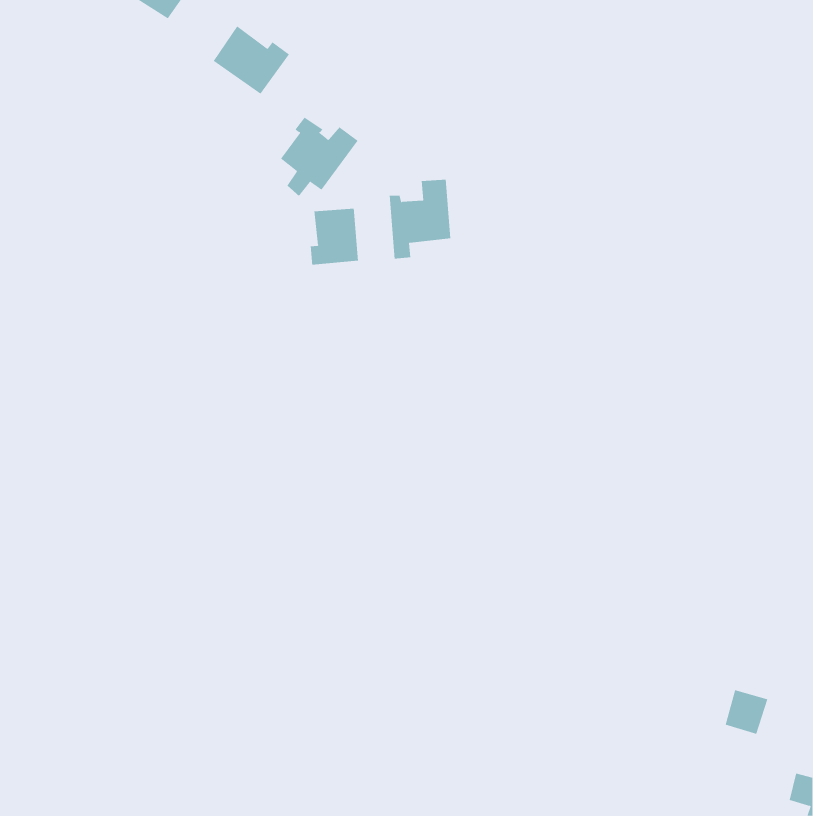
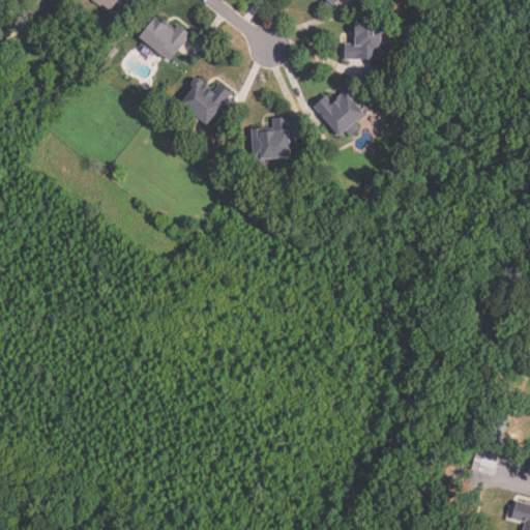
building: none -> [345,20,391,59]
building: none -> [313,87,365,136]
building: [310,208,358,266] -> none

